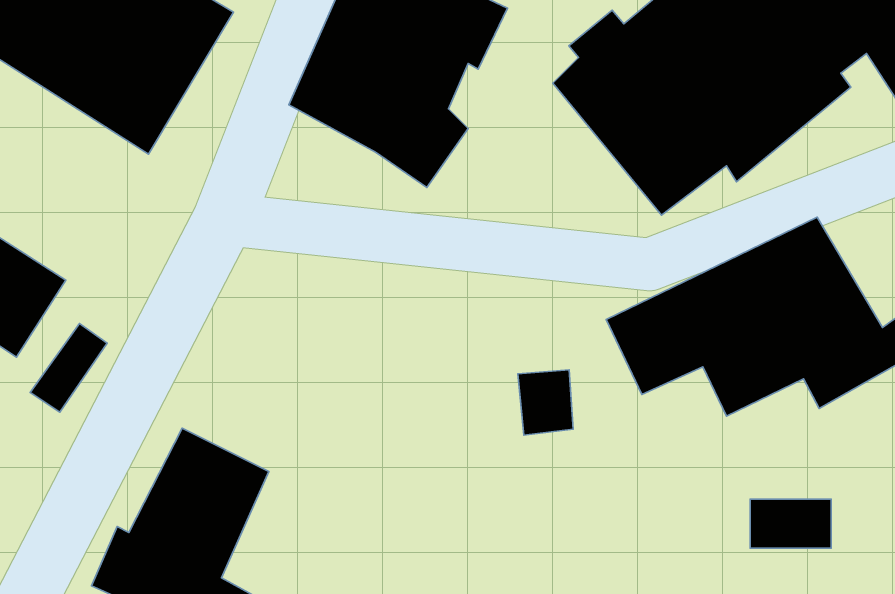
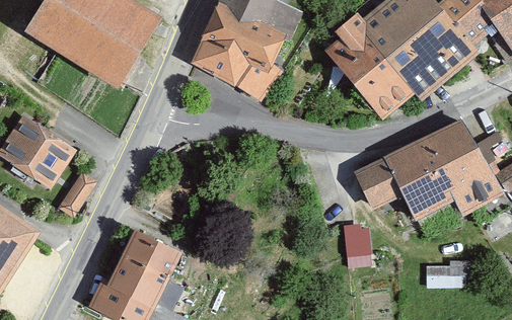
building: [518,370,573,435] -> [343,227,371,260]

